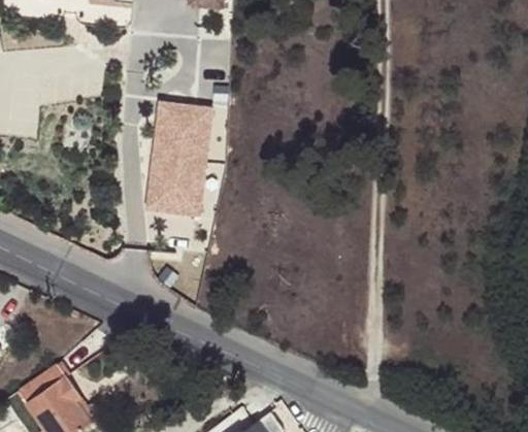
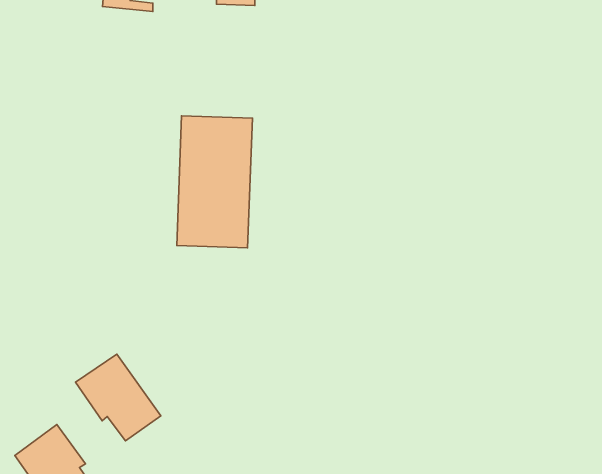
building: none -> [75,354,161,441]

